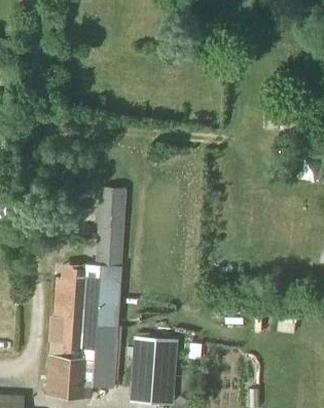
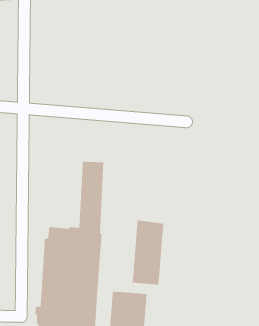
building: none -> [132,220,164,286]

